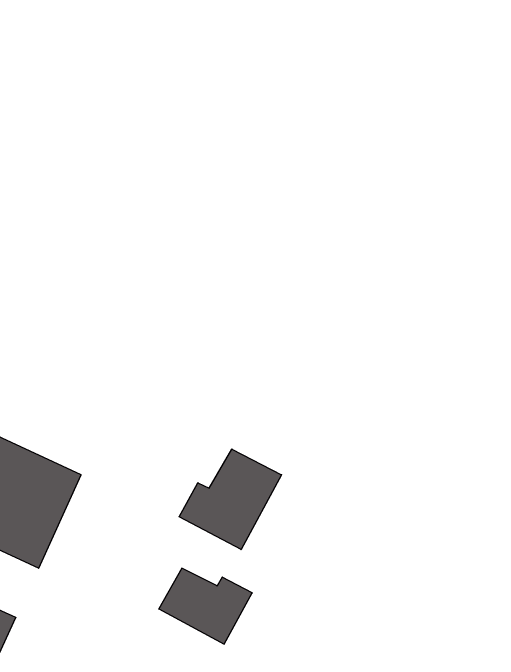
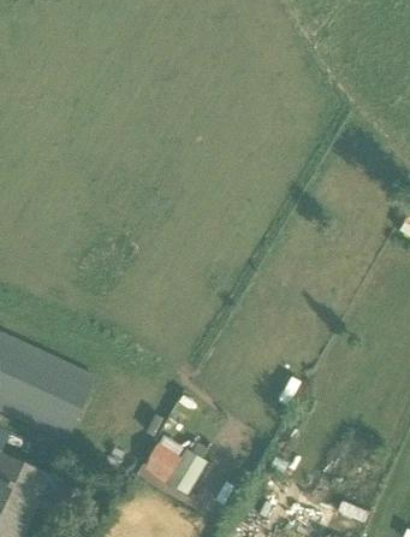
building: [179,449,282,550] -> none

